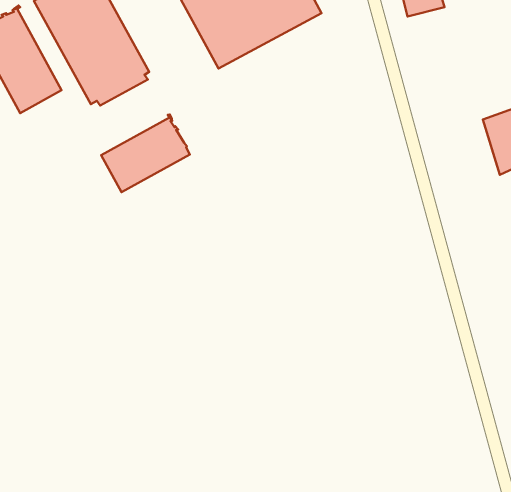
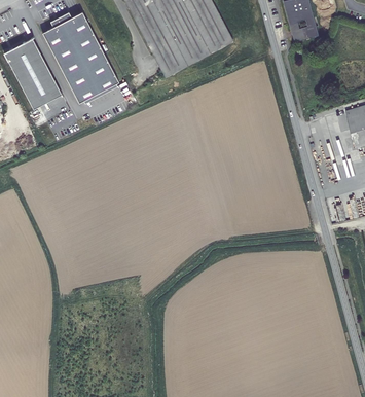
building: [101,114,190,192] -> none

